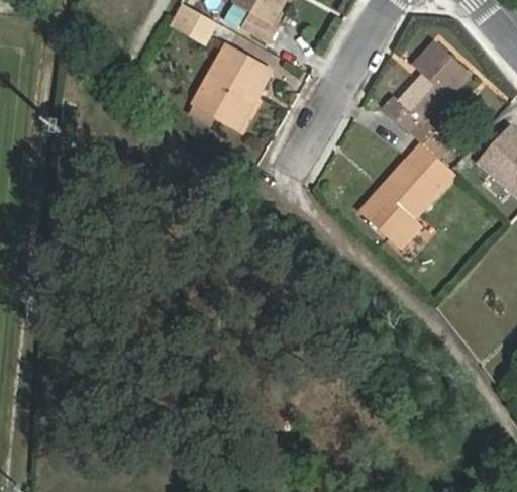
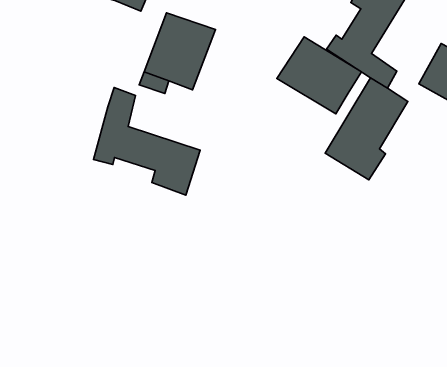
building: none -> [277,37,362,114]
building: none -> [93,87,200,195]

